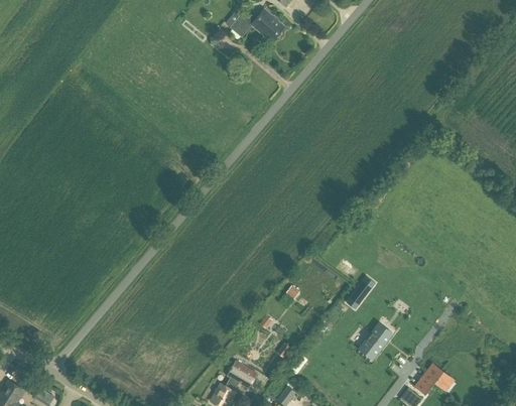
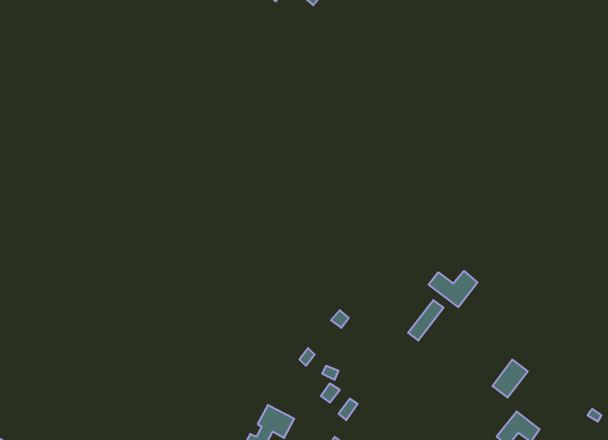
building: none -> [429,271,477,307]
building: [362,325,390,356] -> [492,360,528,398]

